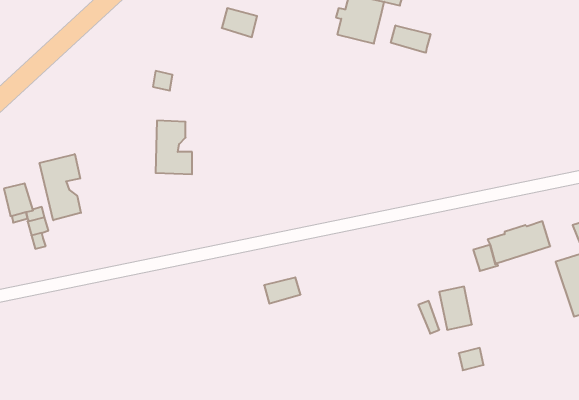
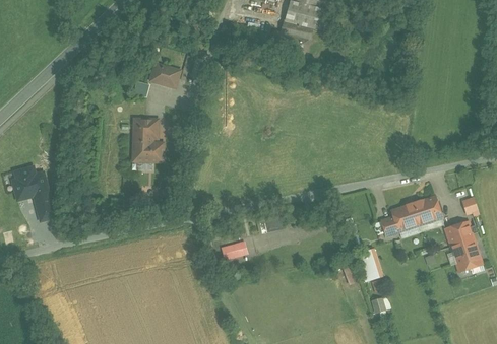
building: [222,8,257,37] -> [151,63,179,85]
building: [391,25,430,53] -> none
building: [40,154,81,220] -> none

